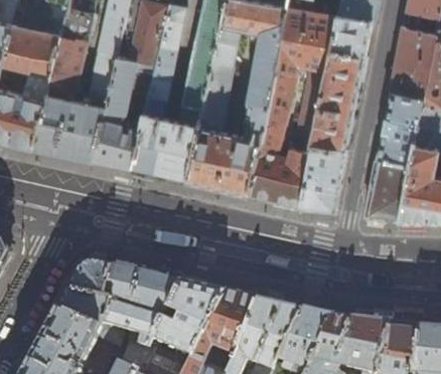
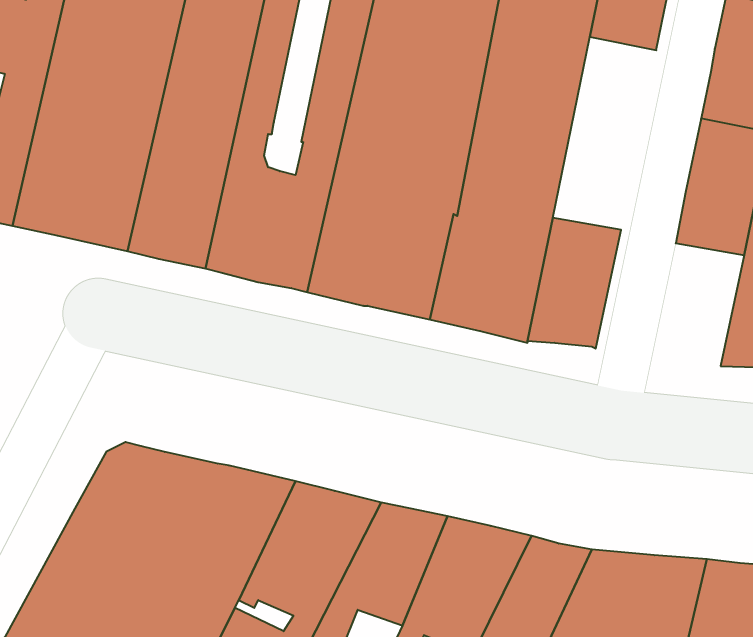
building: [312,50,365,150] -> none
building: [363,157,411,220] -> none

